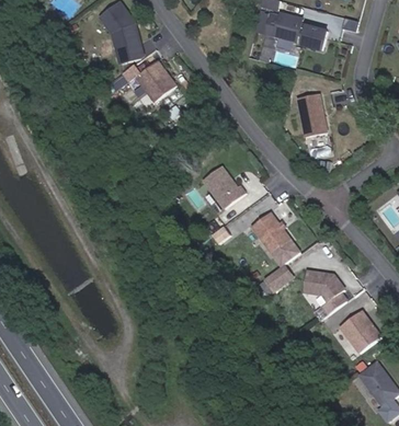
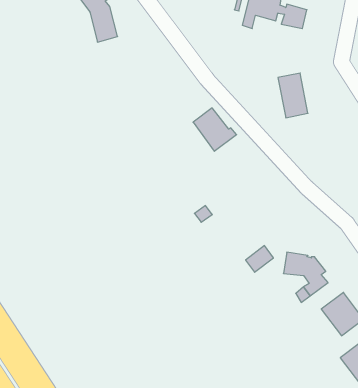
building: [123,60,176,102] -> none
building: [203,166,246,209] -> [193,108,237,151]
building: [251,212,290,254] -> none

